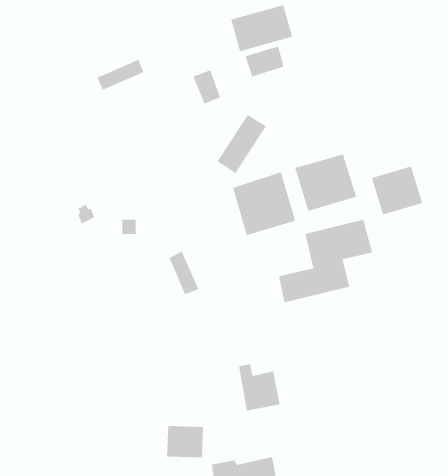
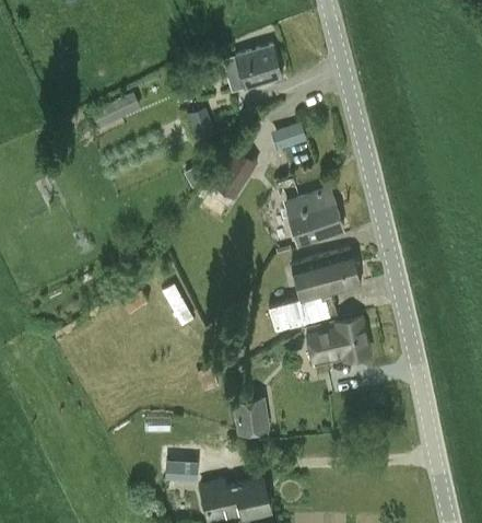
building: [245,45,285,77] -> [268,121,306,152]
building: [371,165,423,216] -> none
building: [232,171,296,236] -> none
building: none -> [306,317,369,368]

